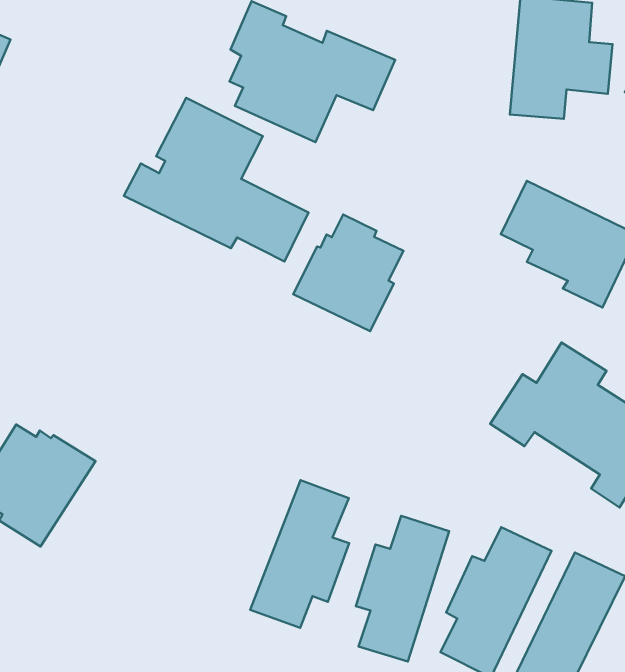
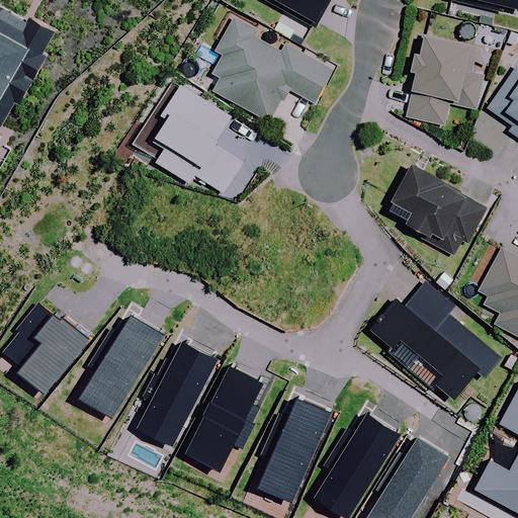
building: [293,214,404,331] -> none
building: none -> [82,308,167,411]
building: none -> [141,336,220,439]

